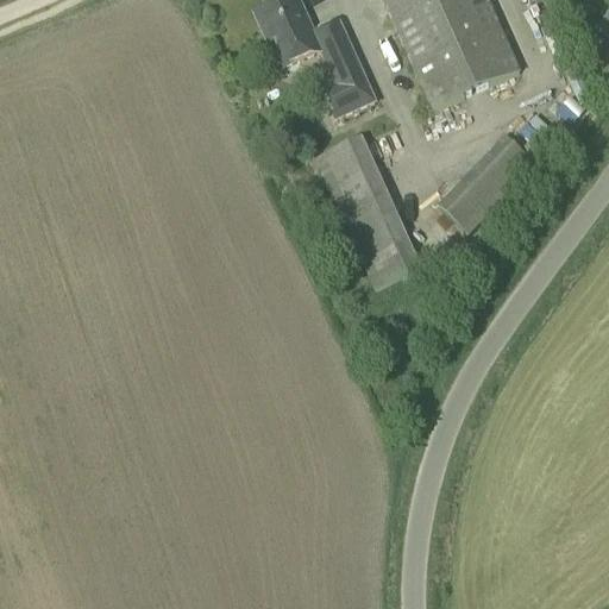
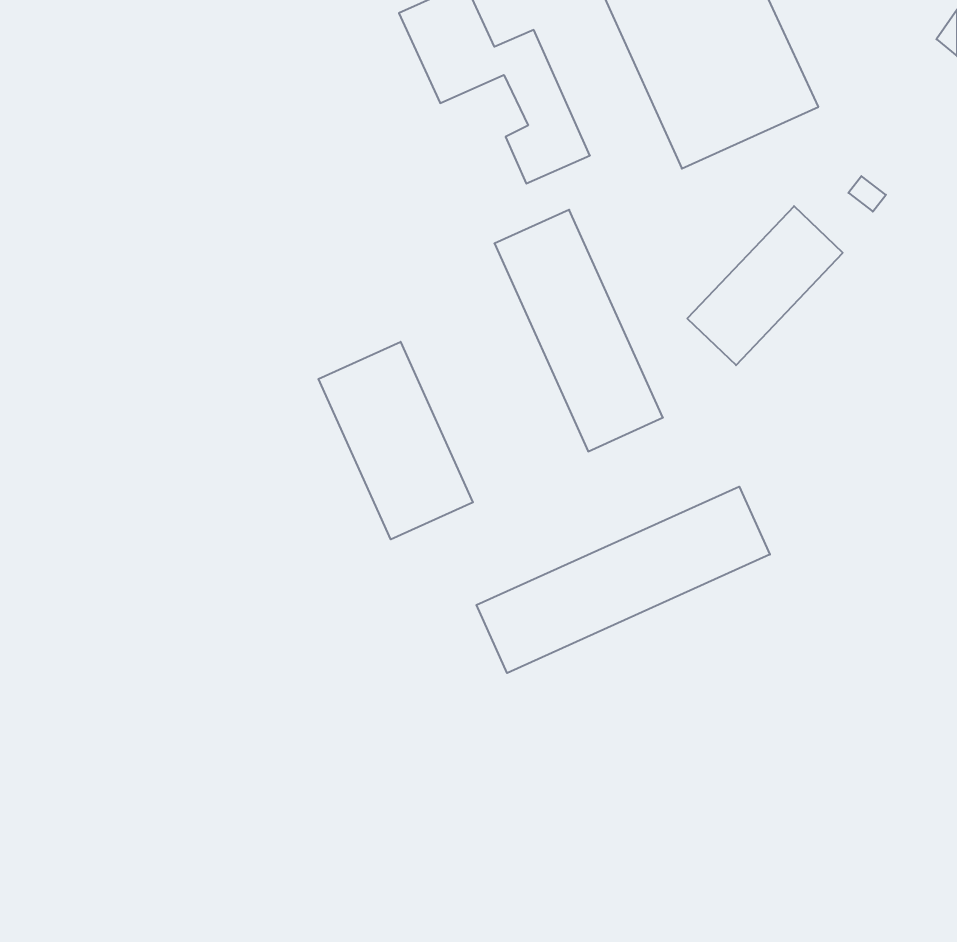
building: none -> [318,342,473,539]
building: none -> [476,487,770,673]

